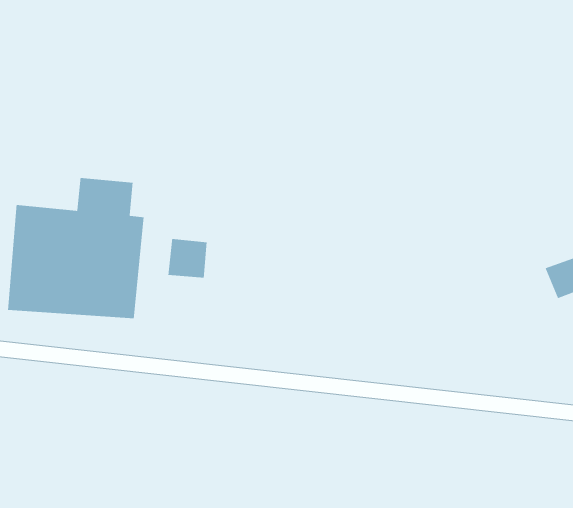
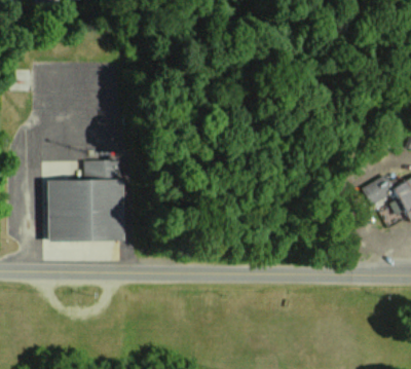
building: [167,238,207,279] -> none

